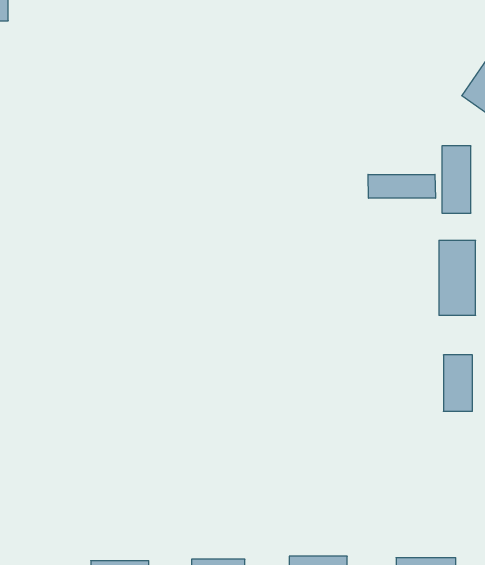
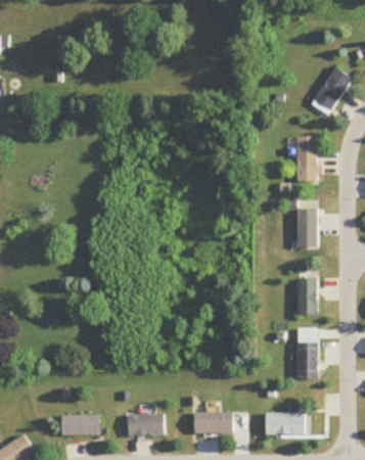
building: [368,174,435,198] -> none
building: none -> [299,327,319,378]

